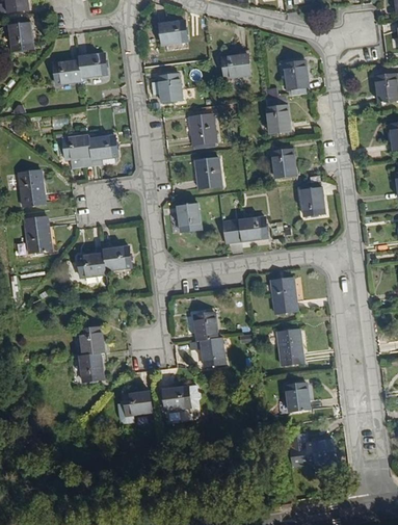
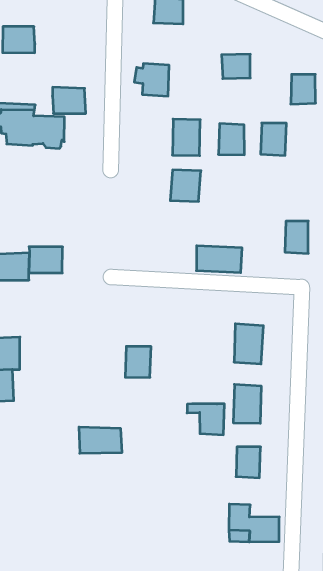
building: [65,50,97,75] -> [52,87,86,113]
building: [275,150,300,178] -> [218,124,244,155]
building: [177,195,201,222] -> none
building: [185,338,219,366] -> [187,404,224,435]
building: [111,393,150,428] -> none

